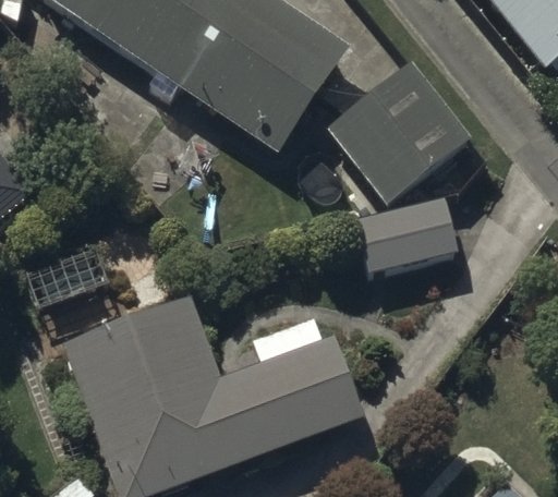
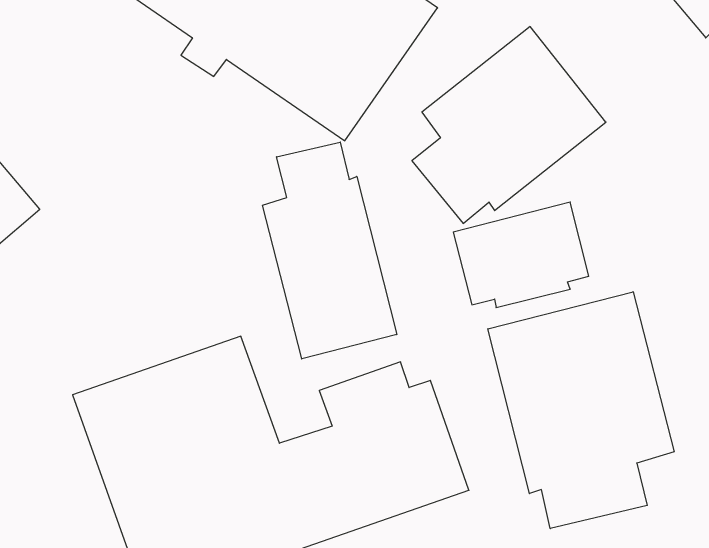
building: none -> [262,142,397,359]
building: none -> [488,292,674,529]

